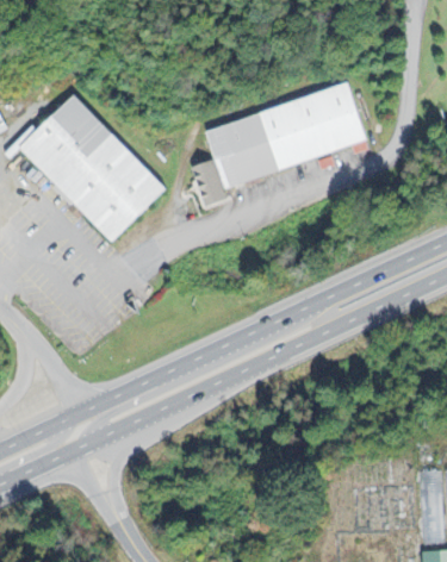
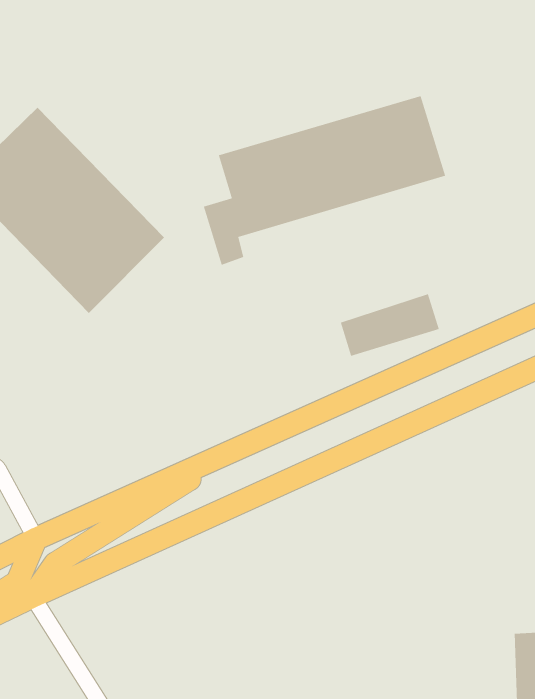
building: none -> [340,293,440,357]

